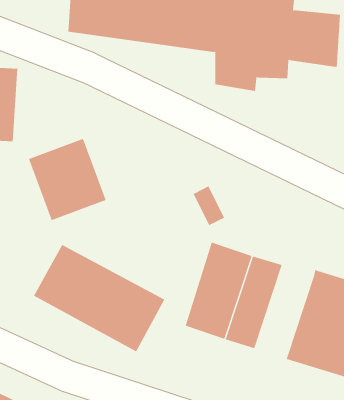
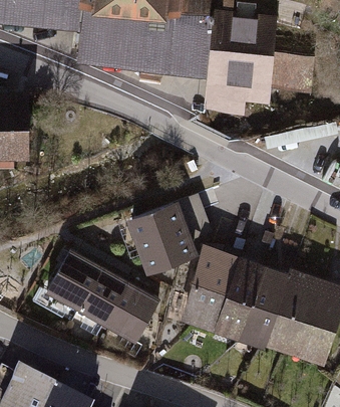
building: [28,138,106,221] -> [128,197,197,269]
building: none -> [238,264,289,347]

